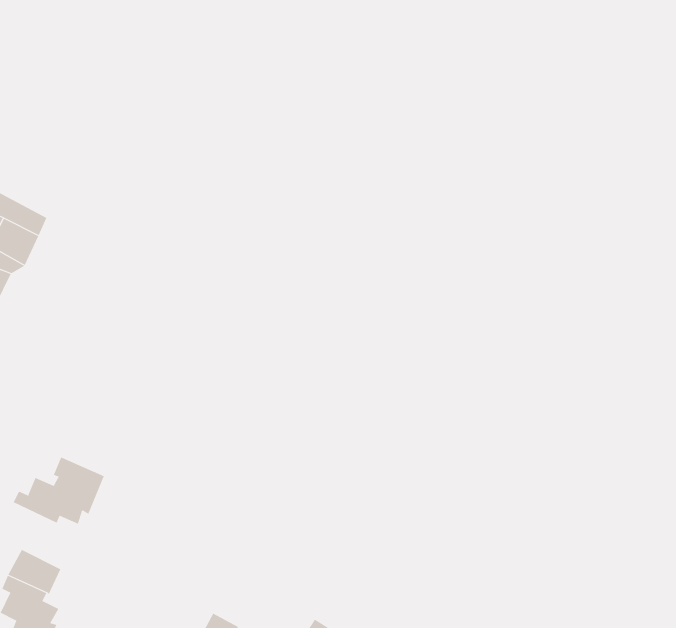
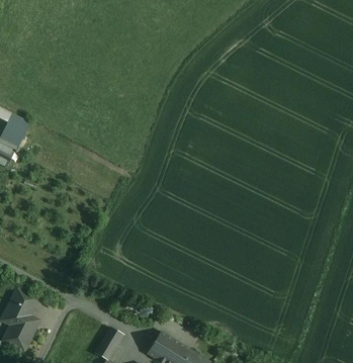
building: [13,456,105,524] -> none

